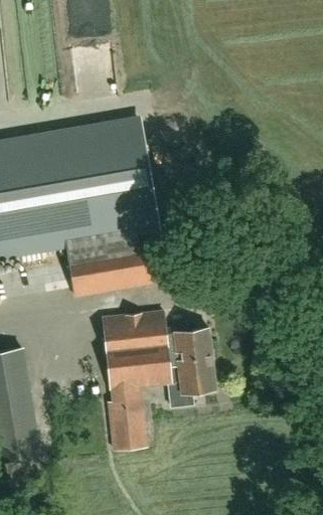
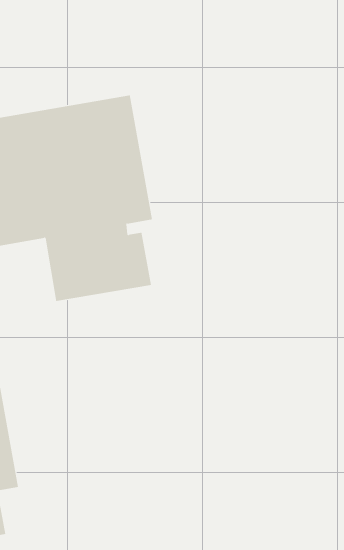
building: [103,309,214,449] -> none

